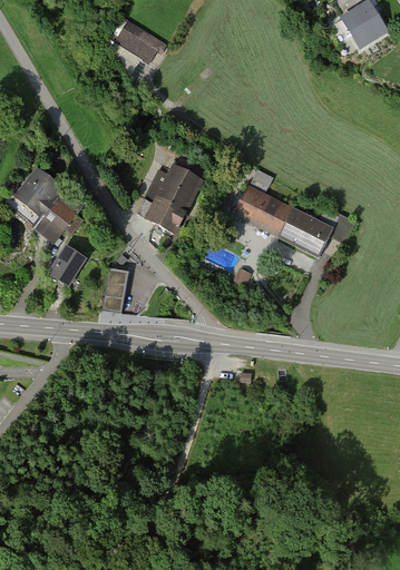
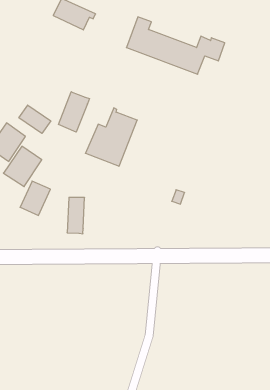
building: none -> [58,92,89,132]
building: none -> [19,105,51,133]
building: [235,179,354,256] -> [126,17,225,74]

